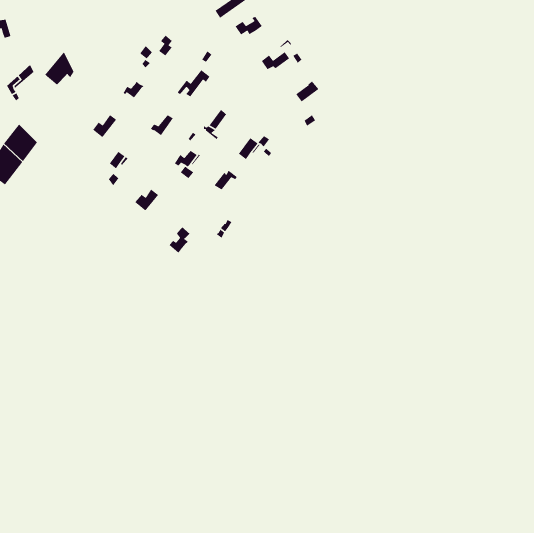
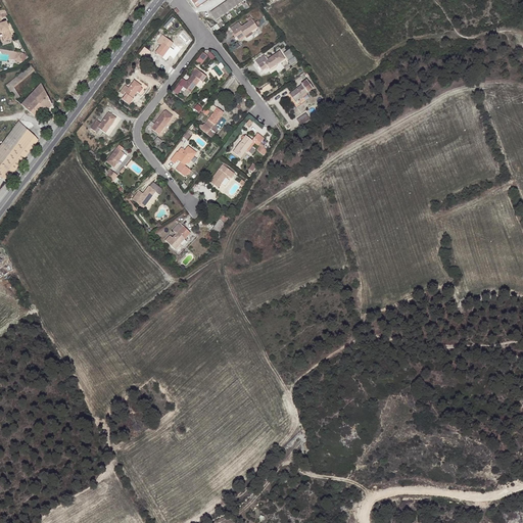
building: [44,51,75,85] -> [21,82,51,115]

